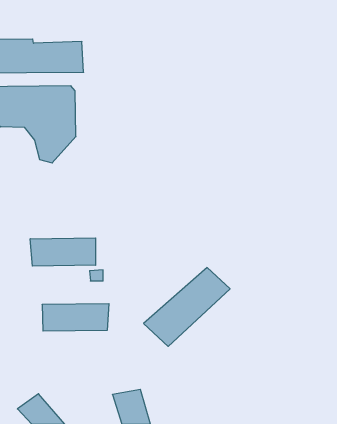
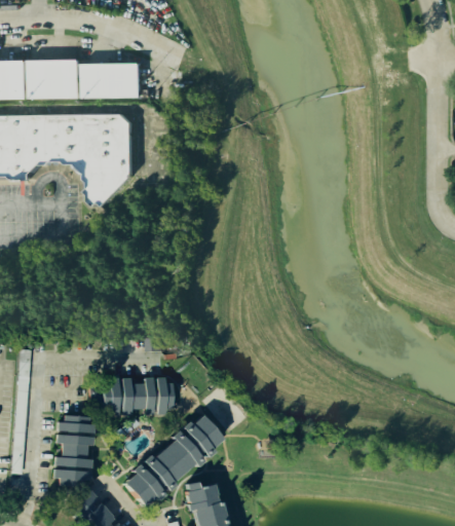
building: [30,238,96,266] -> none
building: [144,268,230,346] -> [118,411,223,506]
building: none -> [51,415,91,484]

